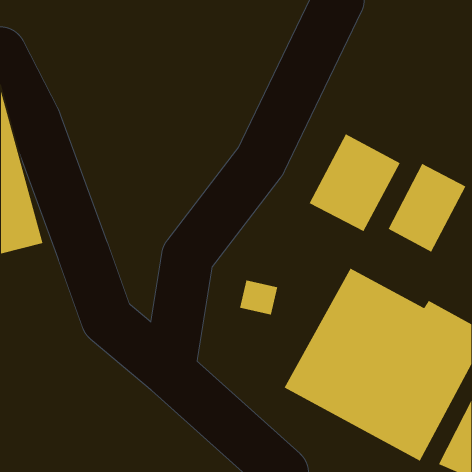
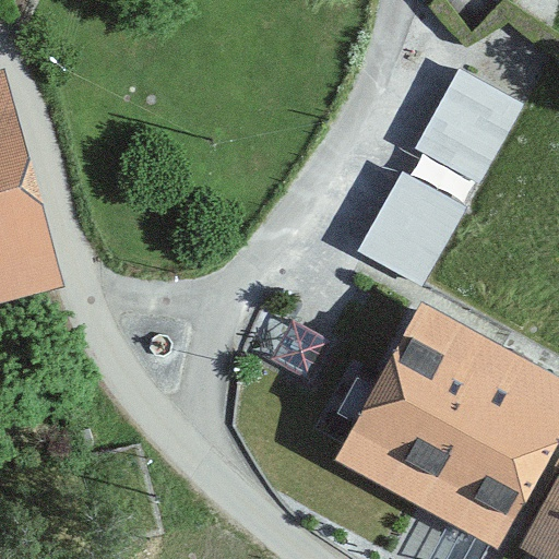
building: none -> [417,57,532,178]
building: [387,163,466,253] -> none

